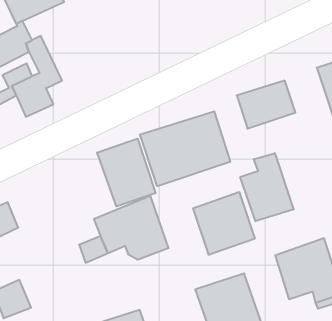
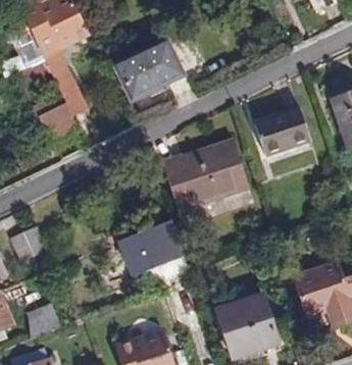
building: none -> [115,40,182,99]
building: [97,139,156,206] -> none
building: [240,153,294,221] -> none
building: [193,192,255,255] -> none

